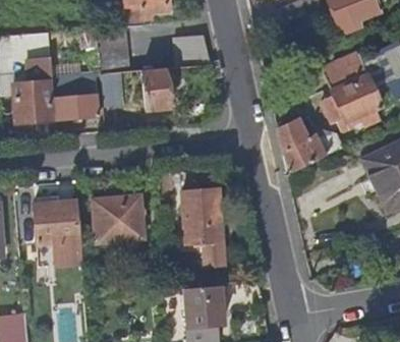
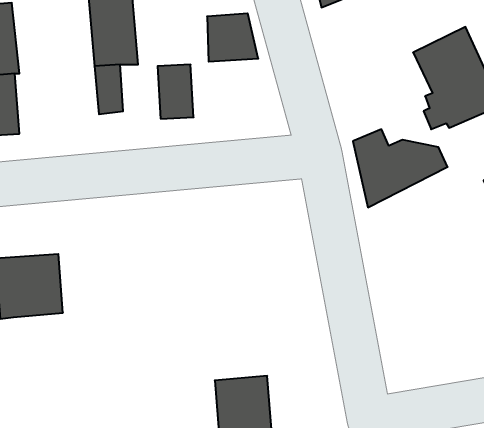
building: [54,86,102,120] -> none
building: [183,191,224,265] -> none
building: [93,197,144,244] -> none
building: [47,242,82,268] -> none

